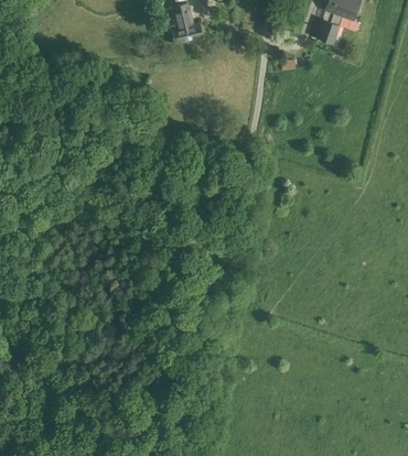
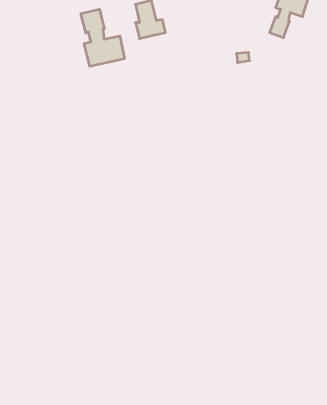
building: none -> [81,9,124,66]

